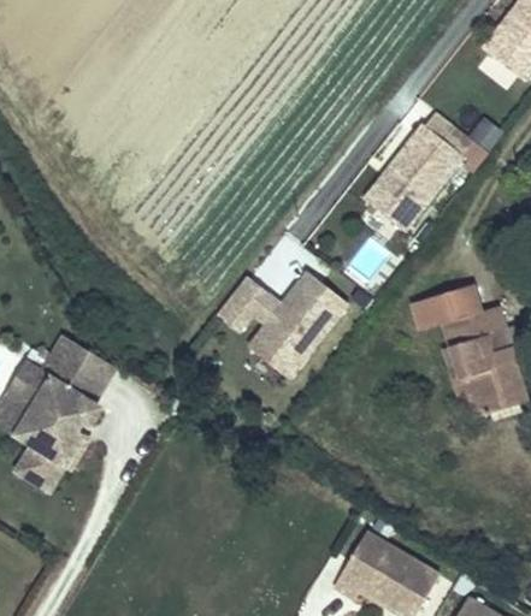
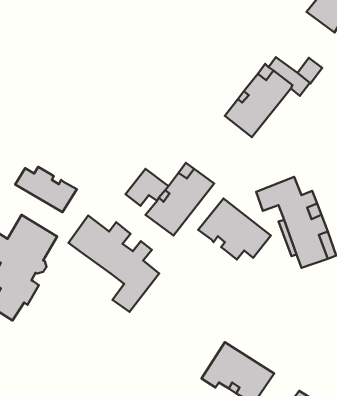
building: none -> [15,167,77,212]
building: none -> [198,198,271,260]
building: none -> [69,216,159,312]

